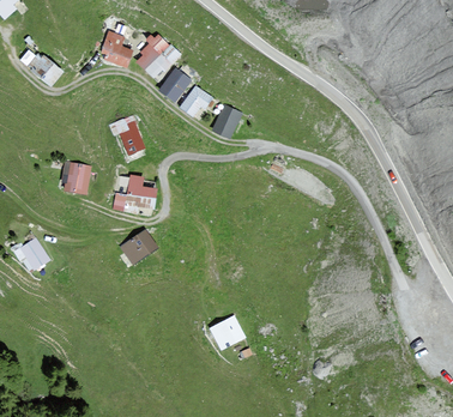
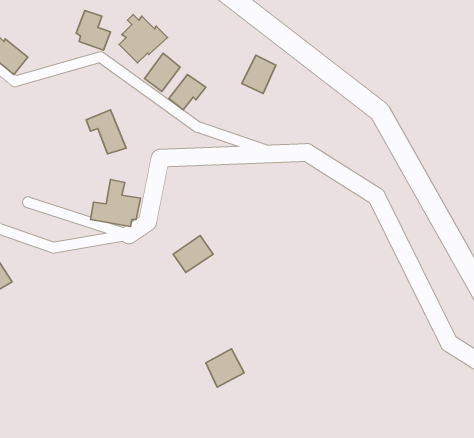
building: [212,104,241,137] -> [242,55,276,93]
building: [60,161,90,192] -> none
building: [121,230,155,261] -> [173,236,213,273]

